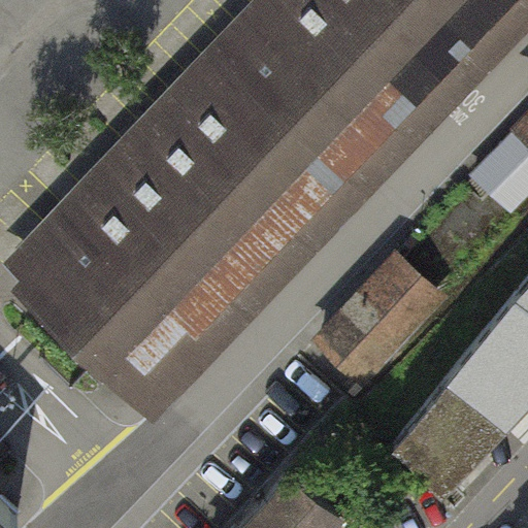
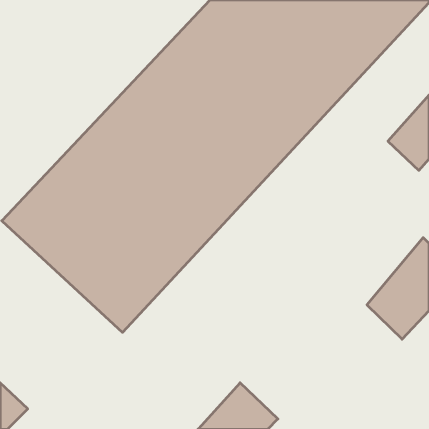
building: [324,254,439,372] -> none
building: [395,374,494,482] -> none

